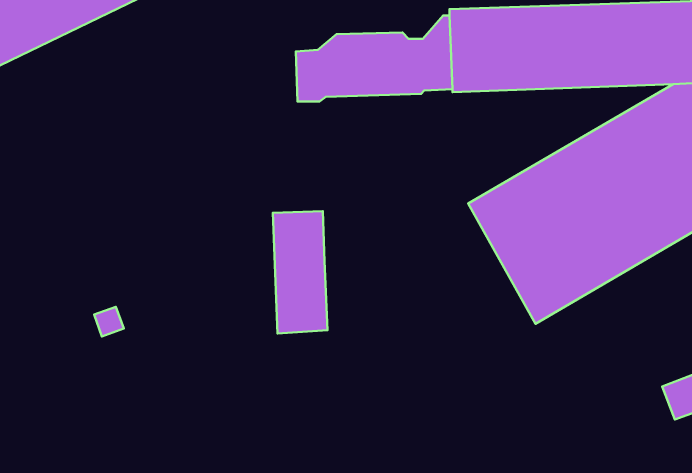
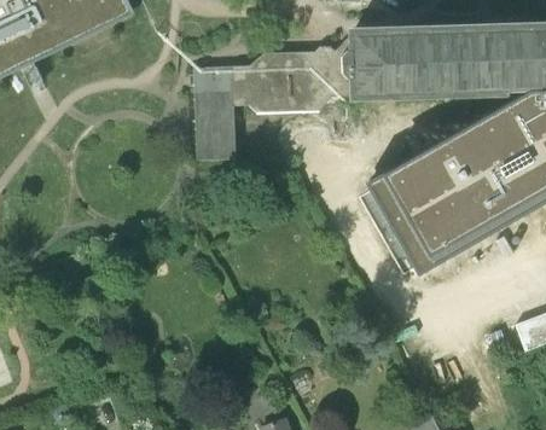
building: [273,211,327,333] -> [193,65,236,159]

